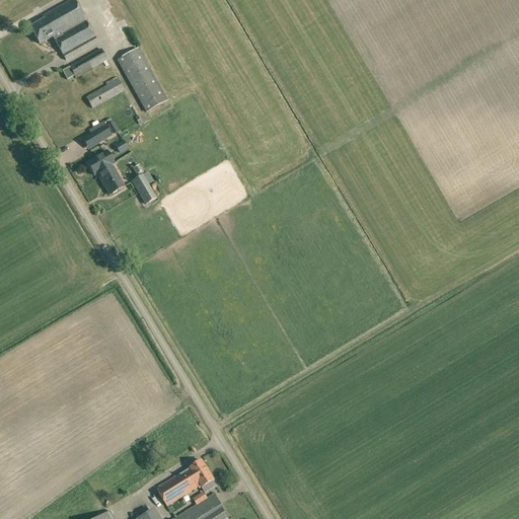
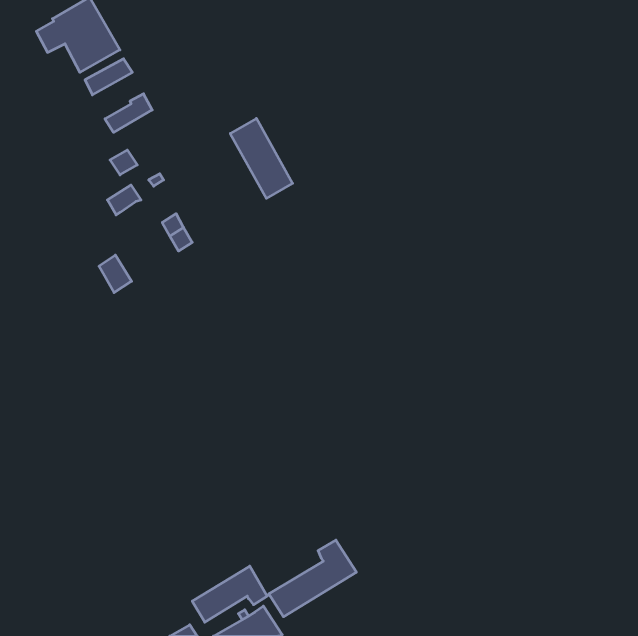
building: [117,47,167,112] -> [230,118,293,198]
building: [97,163,124,194] -> [99,255,132,293]
building: none -> [269,540,356,617]

